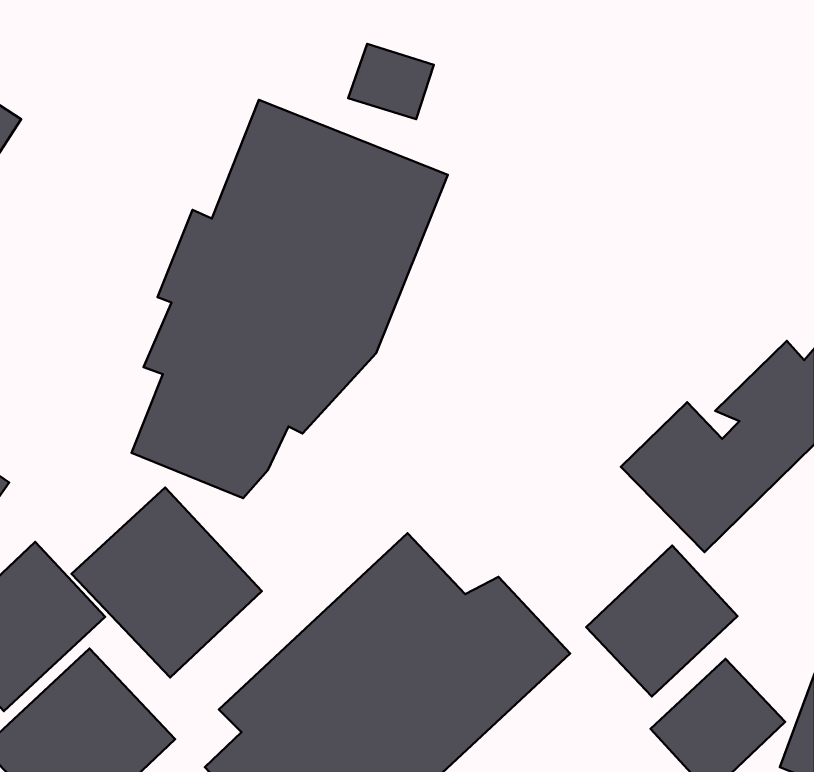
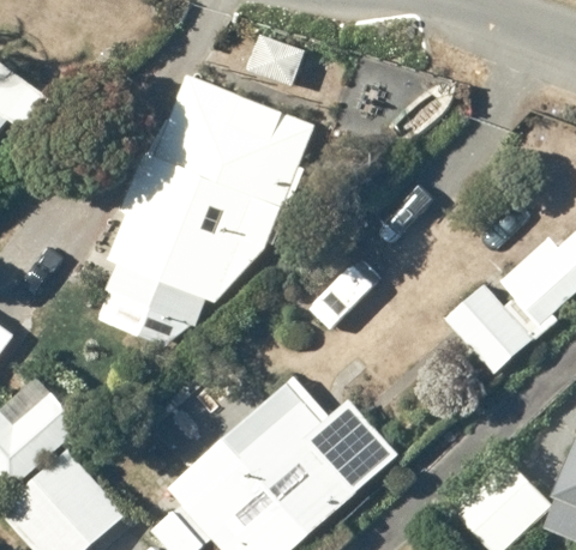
building: [71,487,262,678] -> none
building: [586,546,737,696] -> none

